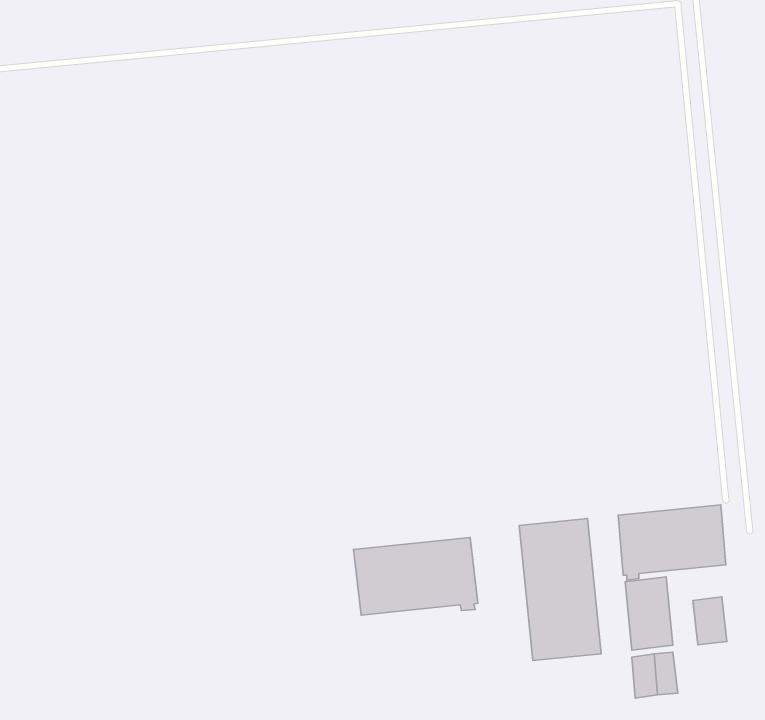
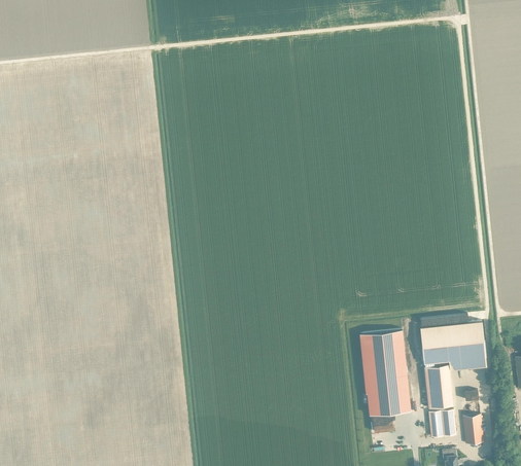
building: [354,538,478,615] -> none
building: [693,597,727,645] -> [462,417,483,445]

